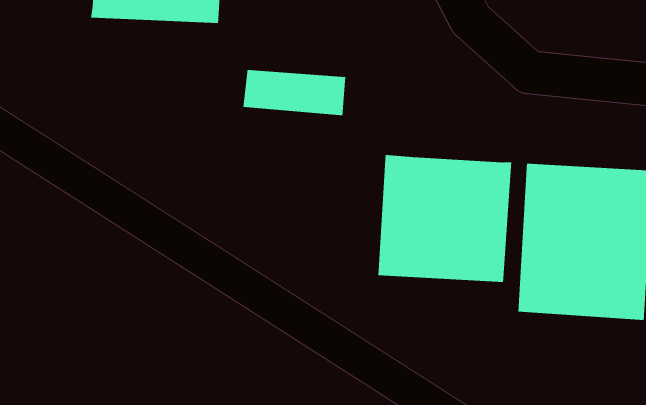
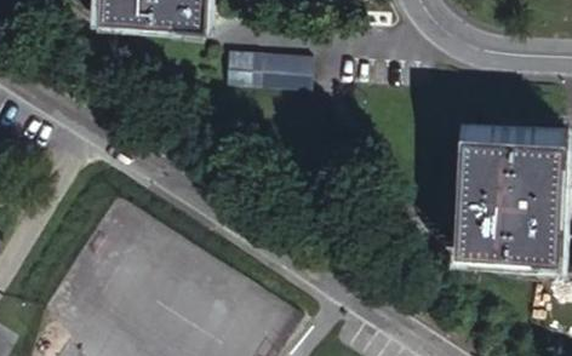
building: [377,154,512,283] -> none

